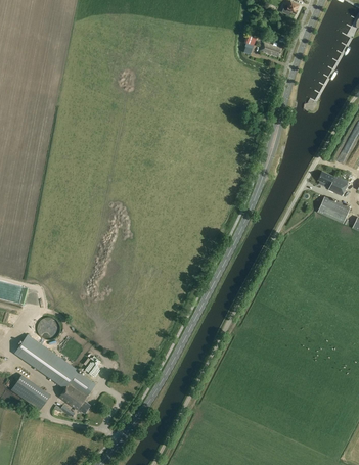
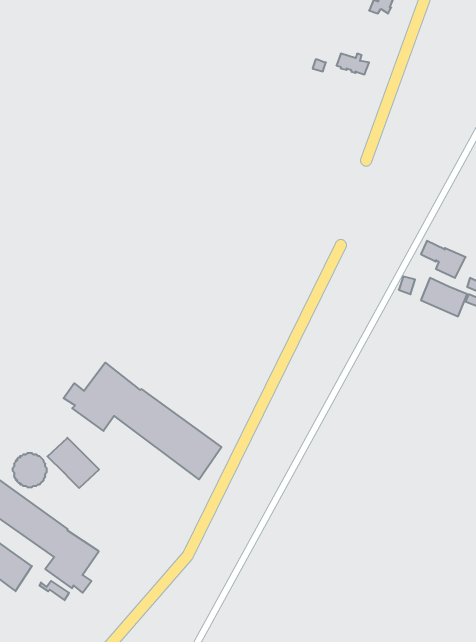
building: none -> [64,363,221,479]
building: none -> [47,438,99,488]

